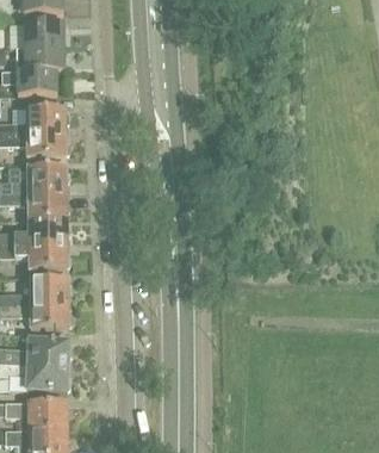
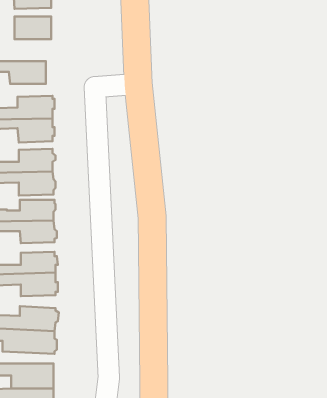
building: [17,45,63,69] -> none

